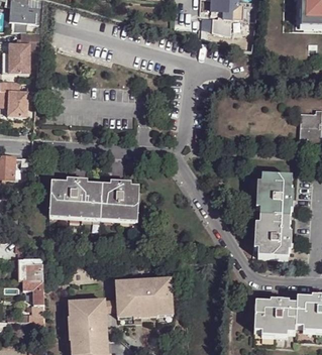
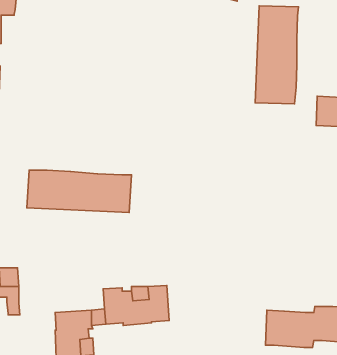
building: none -> [255,6,298,104]
building: [257,174,292,257] -> none

